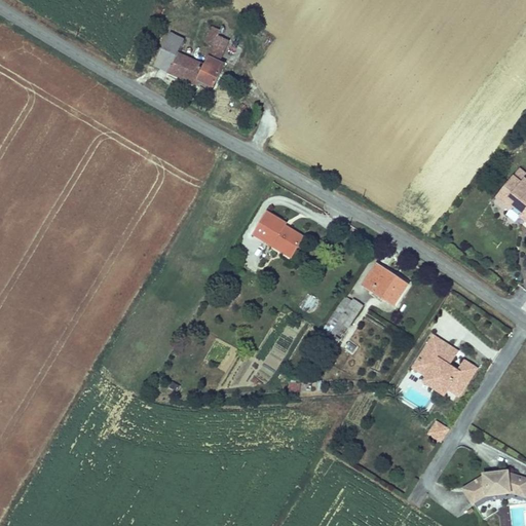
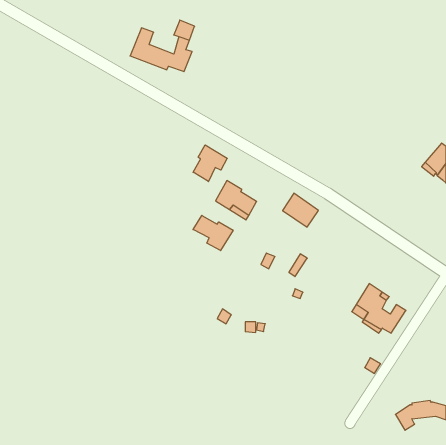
building: none -> [193,145,227,182]
building: none -> [193,215,233,251]
building: [364,265,406,305] -> [283,193,318,227]

